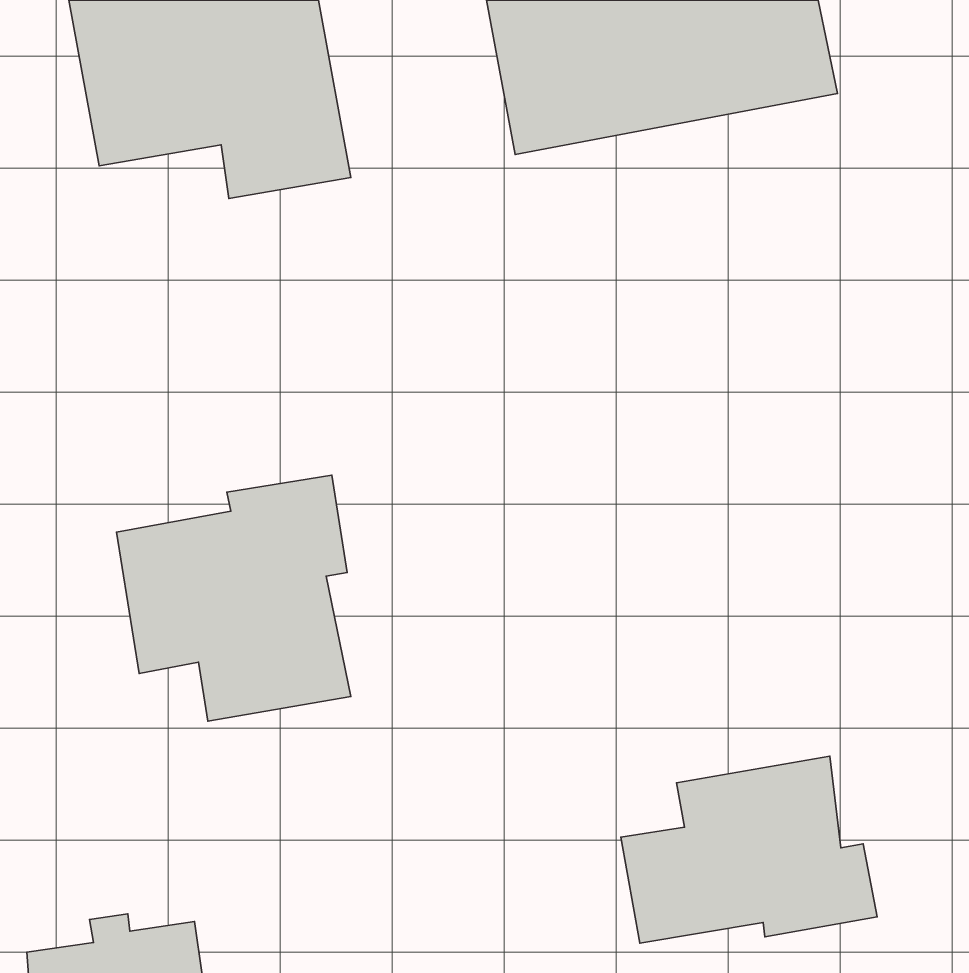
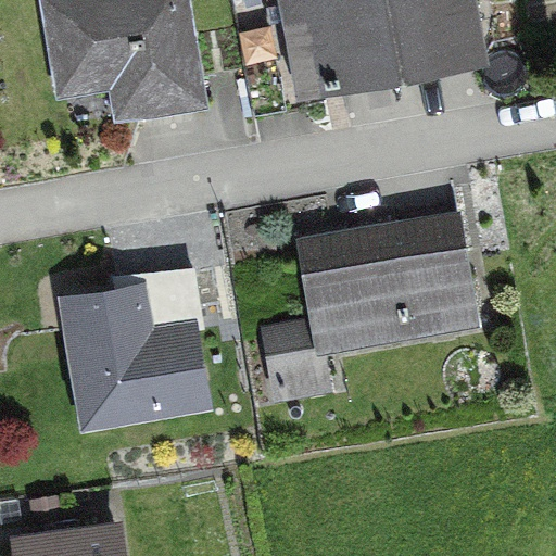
building: none -> [264,214,477,399]
building: [621,756,877,943] -> none

